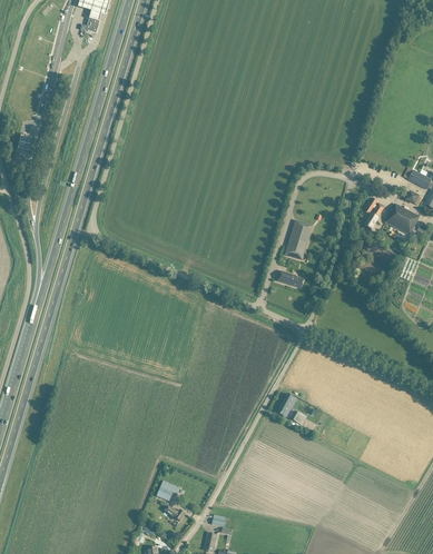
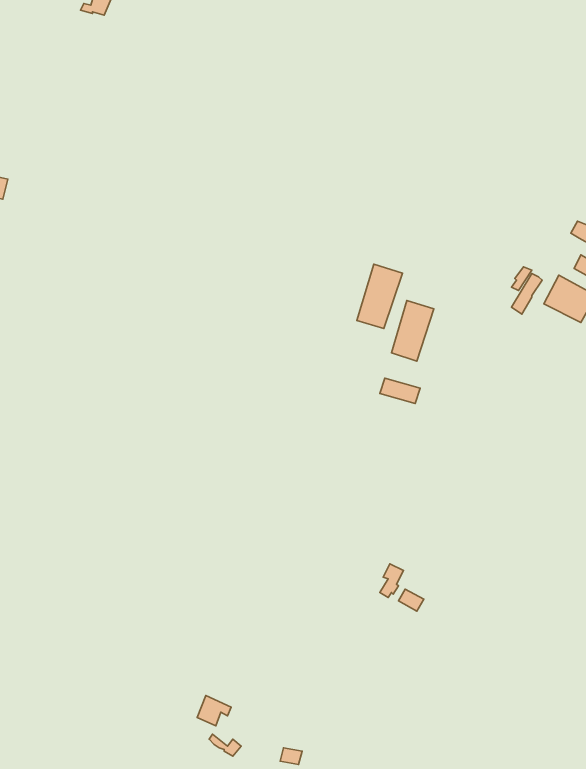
building: none -> [357,264,403,328]

